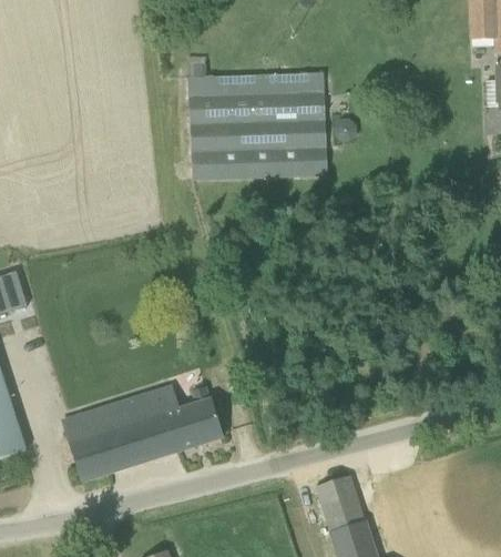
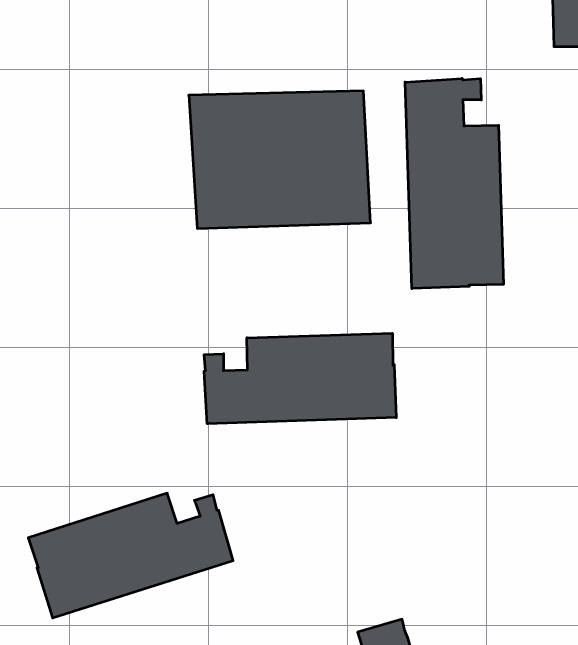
building: none -> [405,78,503,289]
building: none -> [204,333,396,424]

